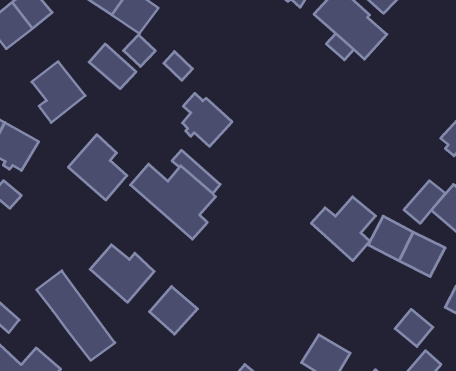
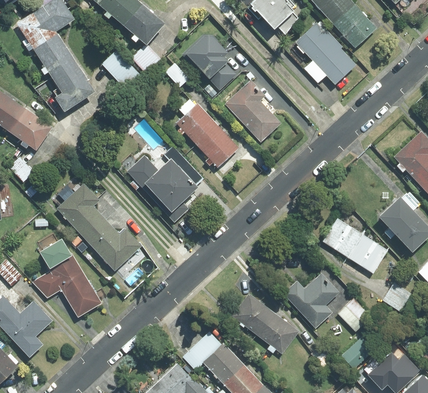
building: none -> [182,35,236,89]
building: none -> [33,31,76,76]
building: none -> [225,80,281,142]
building: none -> [197,126,238,167]
building: [68,135,127,200] -> [57,183,106,239]
building: [404,181,445,223] -> none
building: [311,197,376,261] -> [284,274,339,328]
building: [149,286,198,334] -> none
building: none -> [33,271,62,298]
building: none -> [232,294,274,335]

